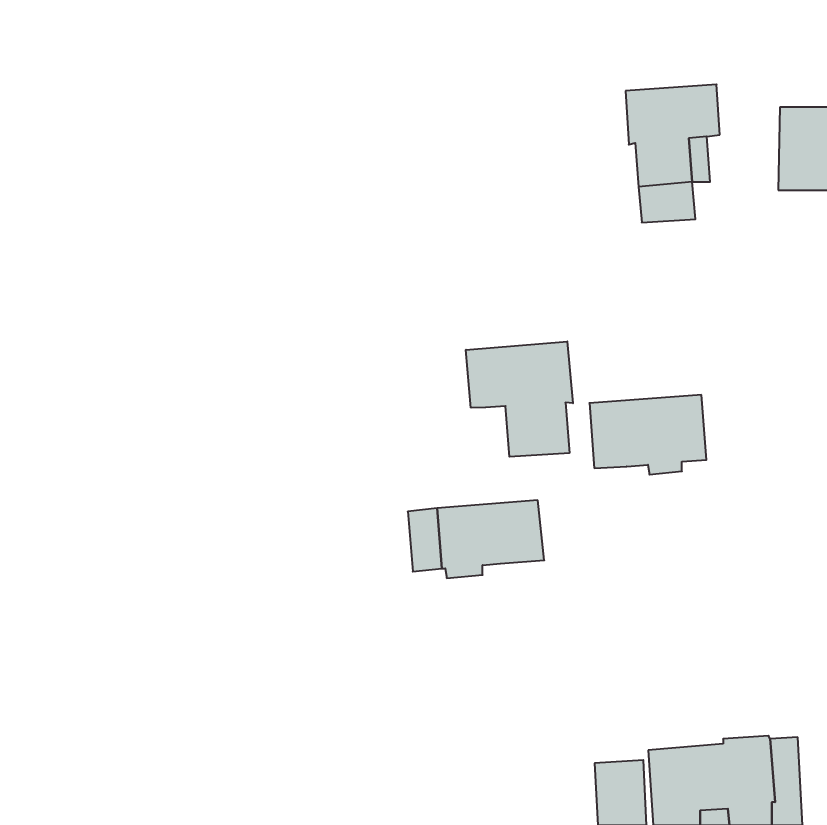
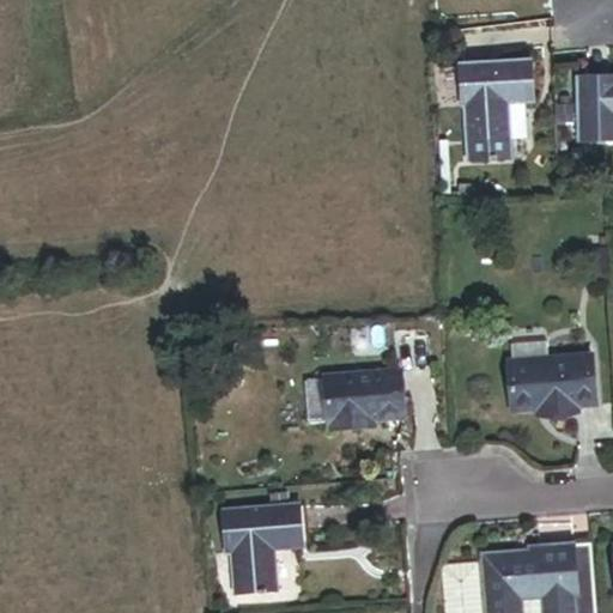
building: [466,341,573,457] -> none
building: [589,395,706,475] -> [508,352,594,411]
building: none -> [226,505,302,584]

